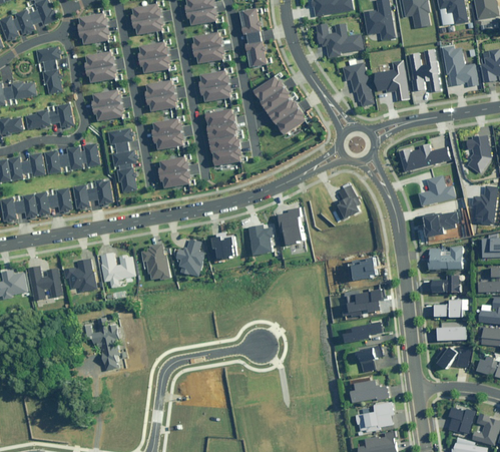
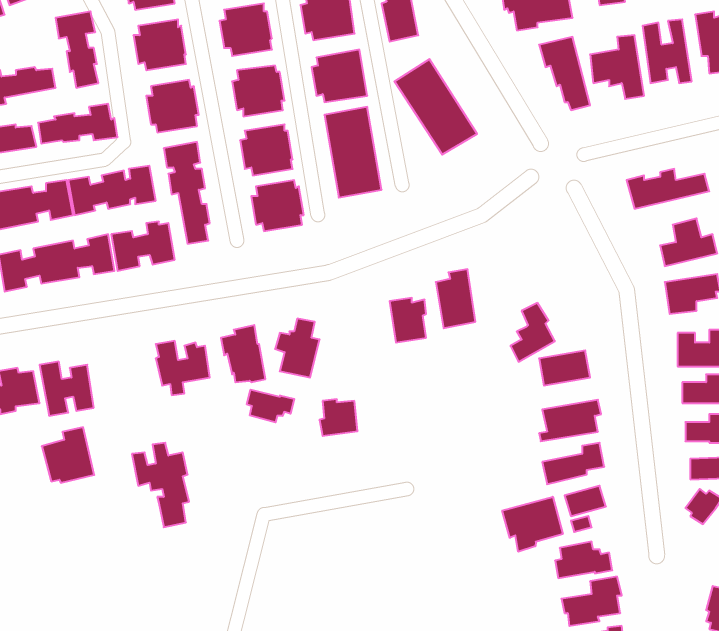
building: [333,185,361,222] -> [510,303,555,362]
building: [210,237,234,260] -> [319,399,358,436]
building: [63,258,96,293] -> [42,427,94,483]
building: none -> [247,390,294,422]
building: none -> [502,497,563,552]

